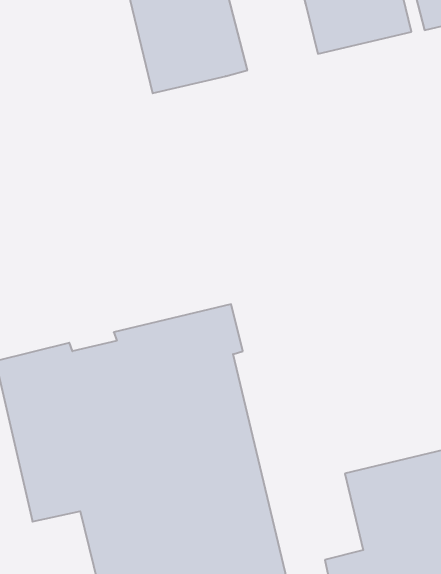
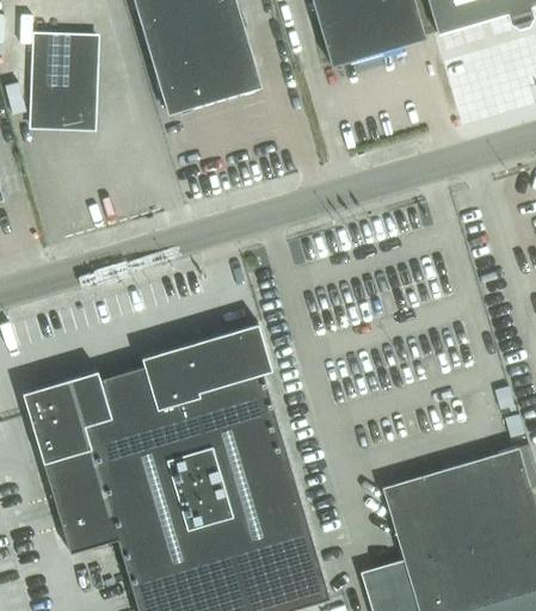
building: none -> [31,33,97,129]

